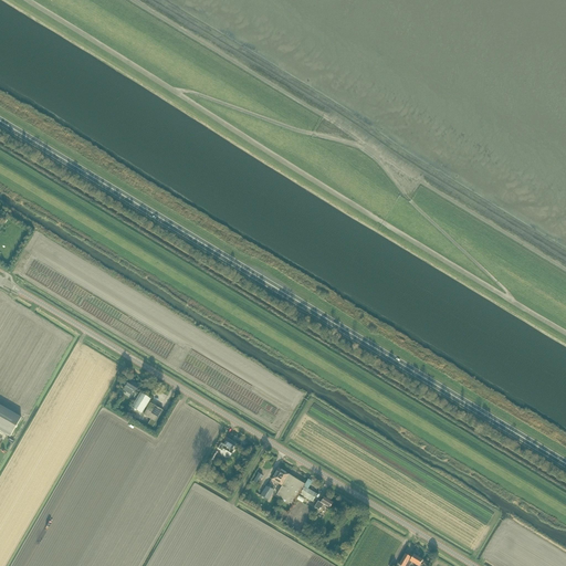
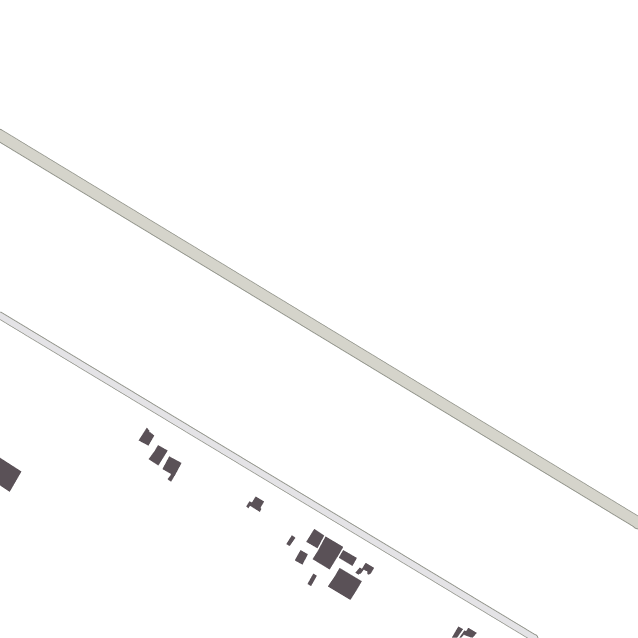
building: none -> [327,567,363,601]

